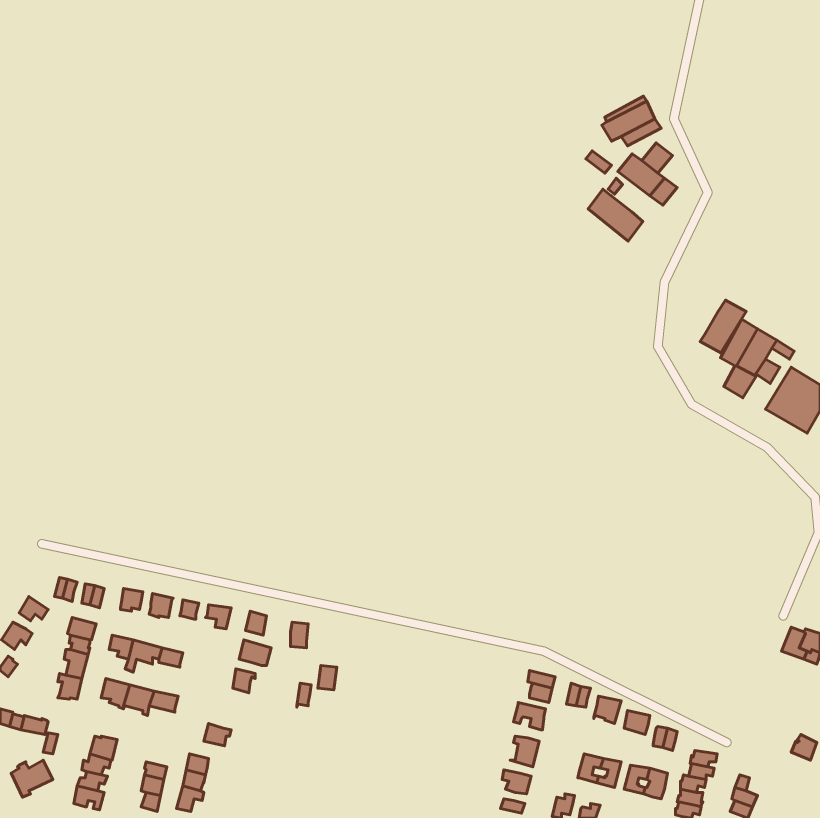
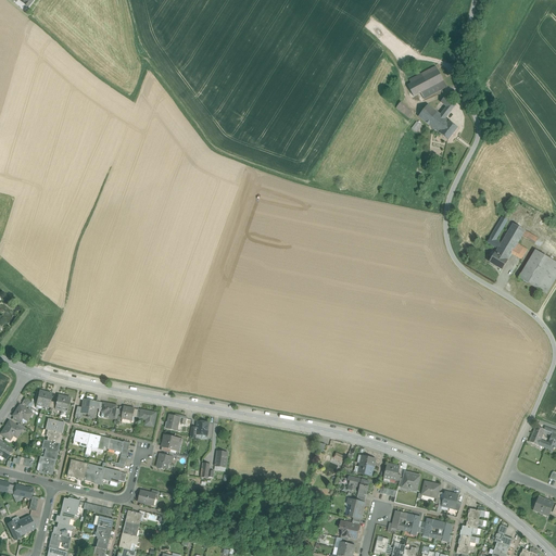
building: [588,189,643,241] -> none
building: [700,300,746,353] -> none

